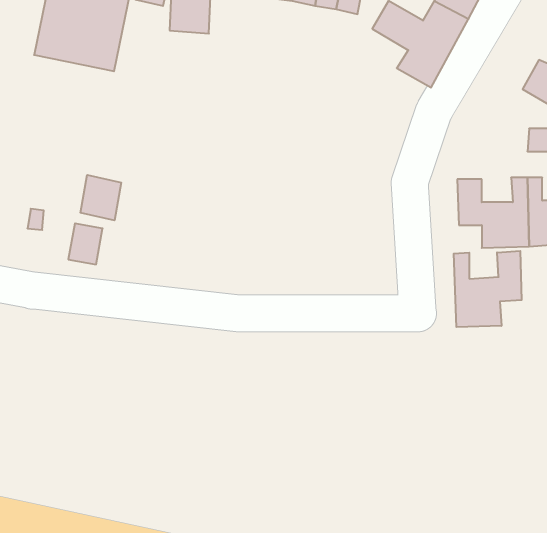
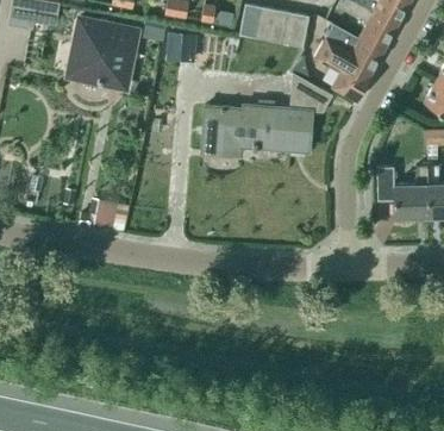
building: none -> [202,73,332,157]
building: [80,175,121,220] -> none
building: [454,251,522,327] -> none

